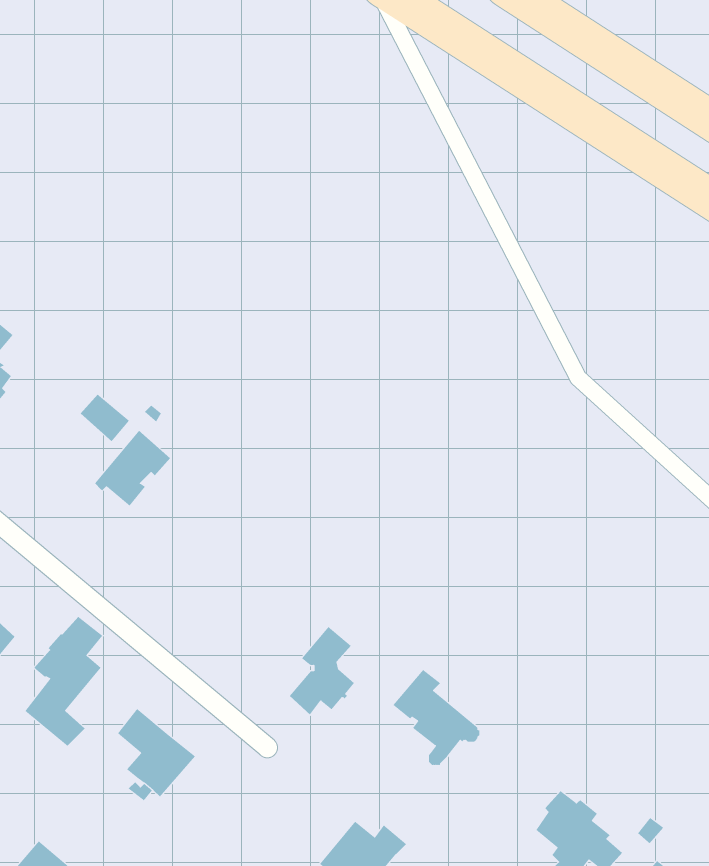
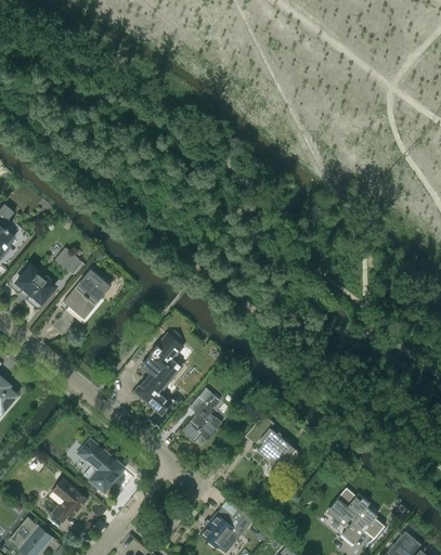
building: none -> [17,268,53,301]
building: [25,616,103,746] -> [134,335,182,414]
building: none -> [51,479,87,524]

